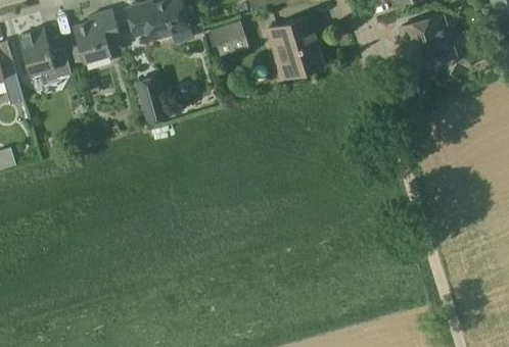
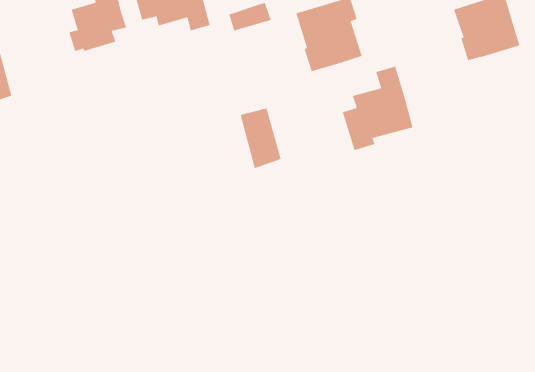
building: [19,28,72,80] -> none
building: [134,73,170,126] -> [240,108,282,169]
building: none -> [342,66,413,151]

